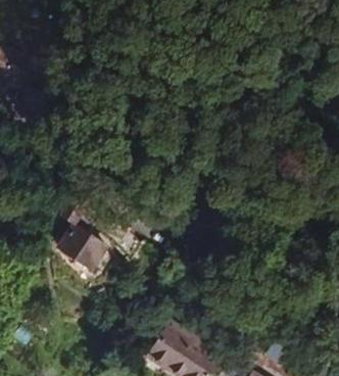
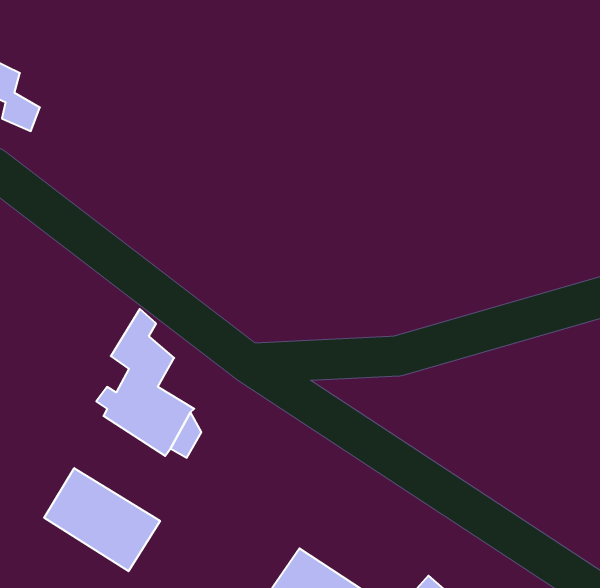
building: none -> [44,468,160,571]

